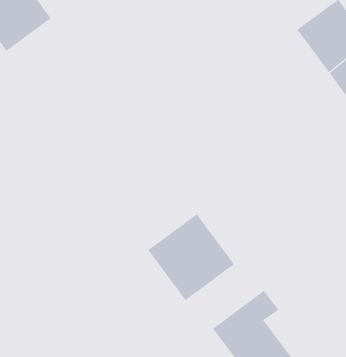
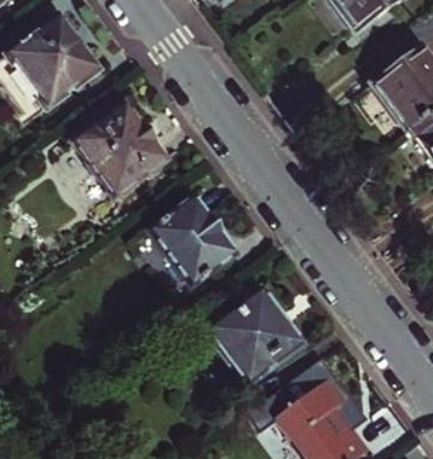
building: none -> [74,103,166,196]
building: none -> [150,196,235,284]

